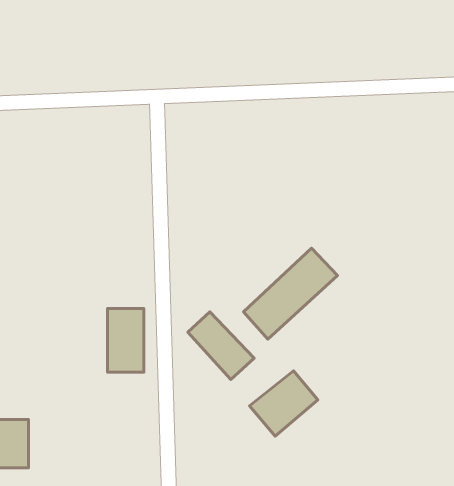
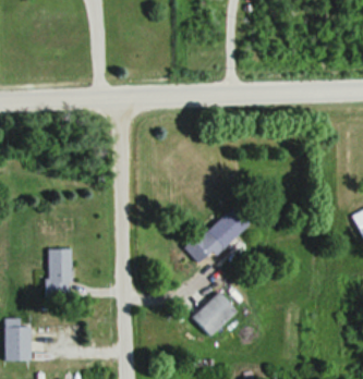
building: [107,308,144,372] -> [47,249,73,295]
building: [188,312,254,379] -> none

